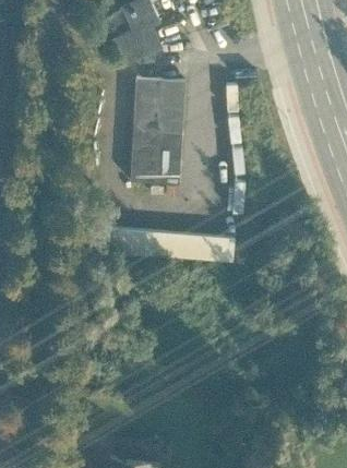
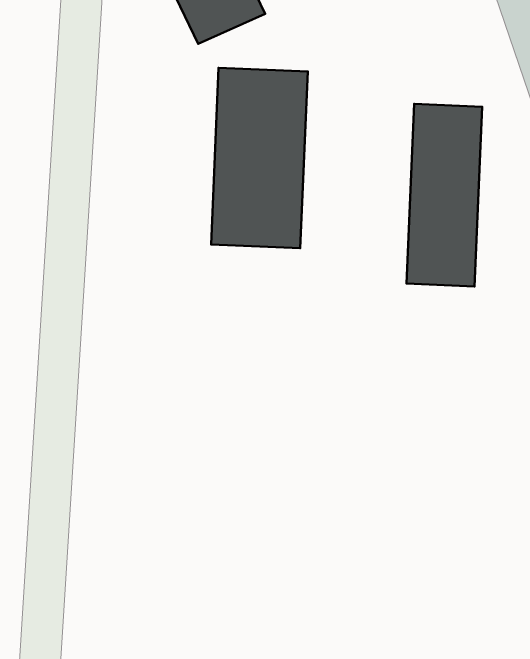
building: none -> [407,104,482,286]

